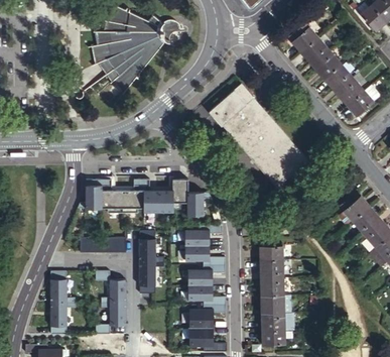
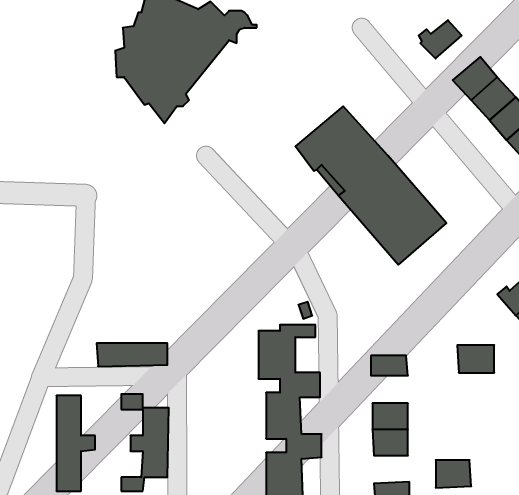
building: [300,36,330,66] -> none
building: [78,180,212,217] -> none
building: [139,231,163,294] -> none
building: [258,259,282,277] -> [457,345,494,373]
building: [260,312,283,330] -> [436,460,471,488]

